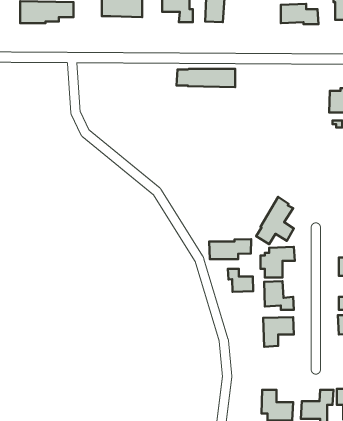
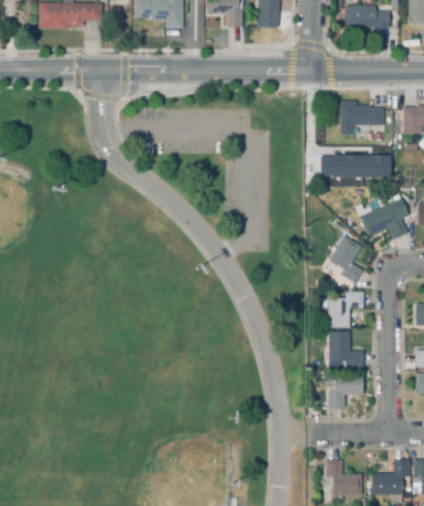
building: [177,69,235,87] -> [321,154,390,176]
building: none -> [342,102,385,136]
building: none -> [361,198,411,241]
building: [209,239,251,259] -> none
building: [228,269,253,292] -> none

